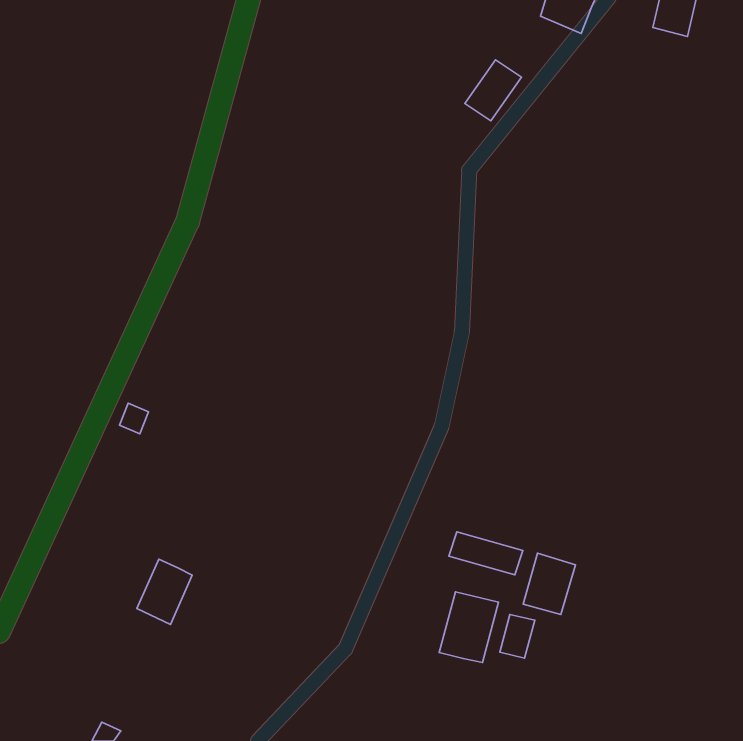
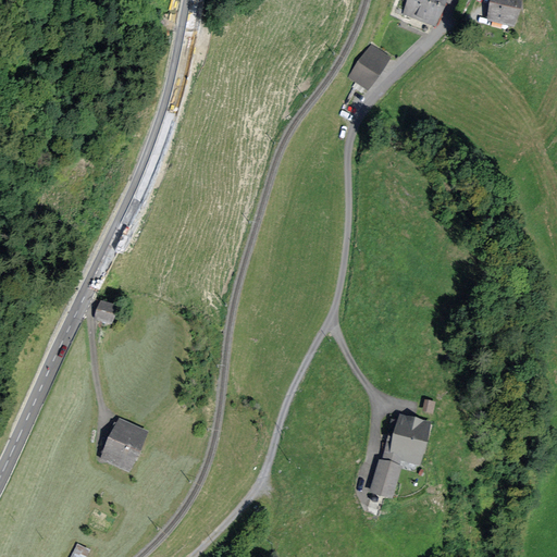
building: [449,532,523,575] -> none
building: [439,592,499,663] -> none

